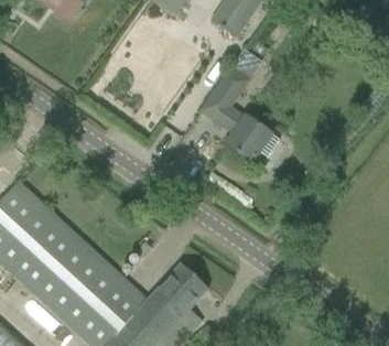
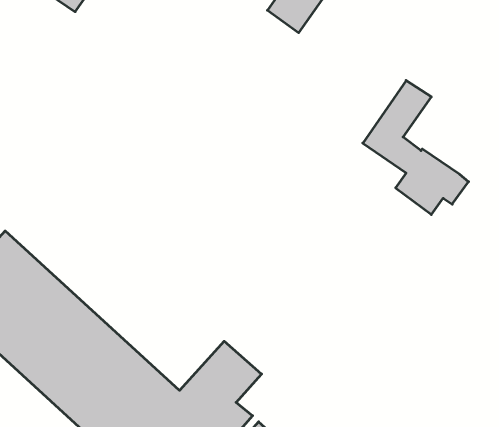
building: [199,64,278,163] -> [363,80,469,215]

